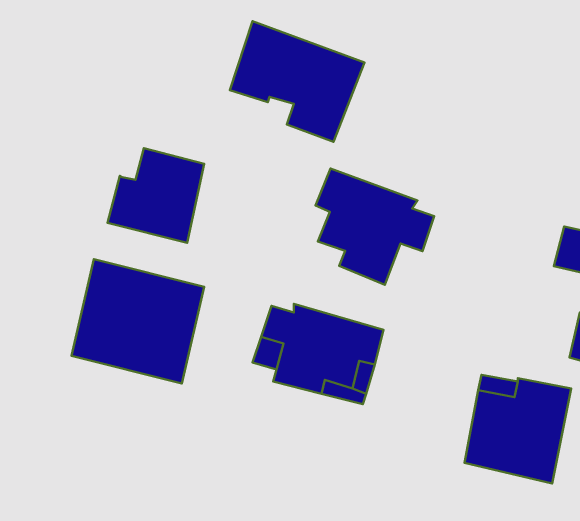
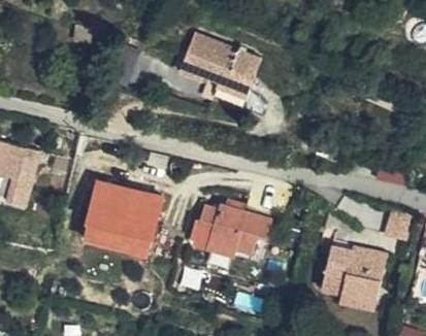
building: [108,148,204,243] -> none
building: [316,168,434,285] -> none

